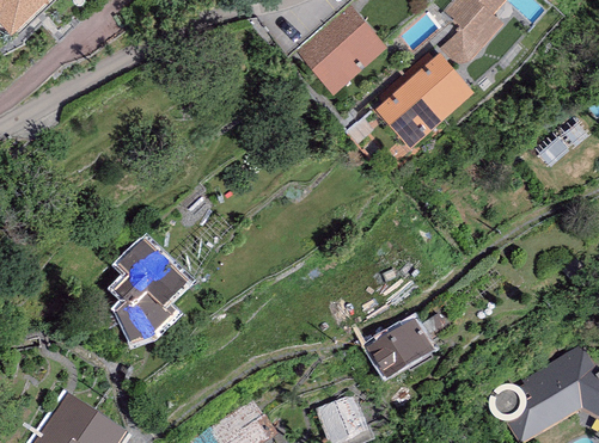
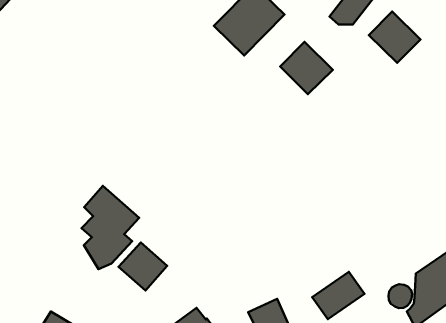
building: [408,51,472,116] -> [369,12,421,63]
building: none -> [118,243,167,290]
building: [367,324,433,381] -> [312,272,364,319]

